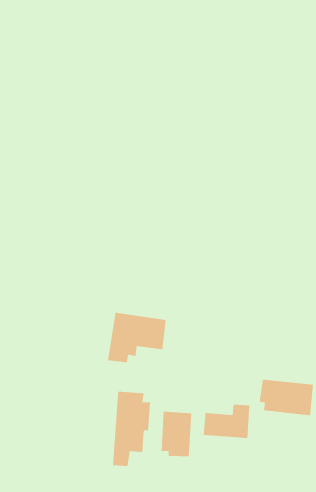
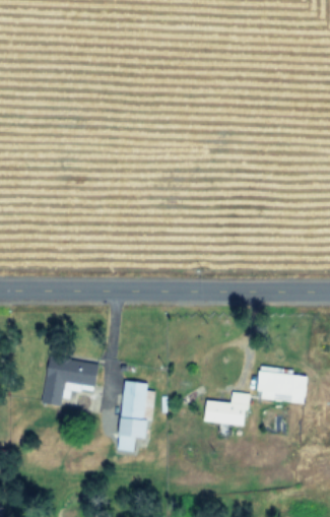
building: [107,312,167,363] -> [42,357,97,404]
building: [161,411,192,457] -> none

